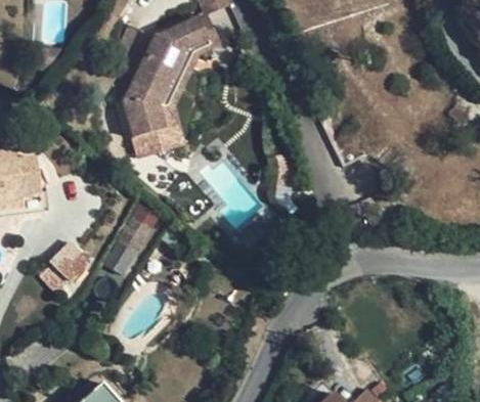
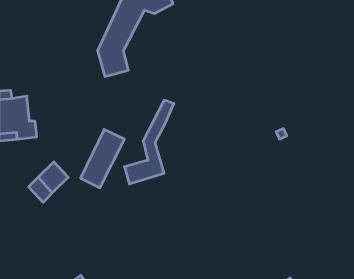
building: [133,50,195,155] -> [124,100,174,184]

